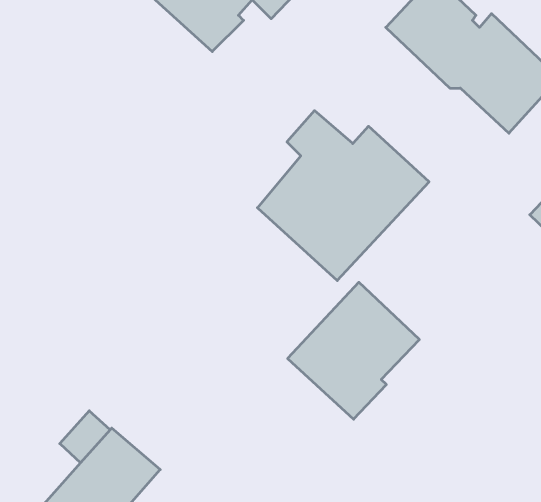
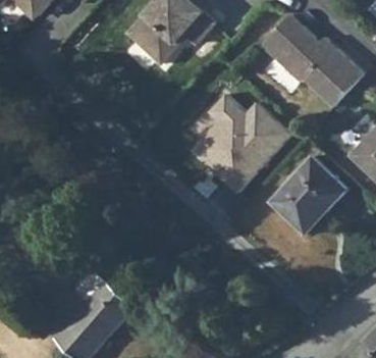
building: [288,282,419,419] -> [268,158,345,239]

